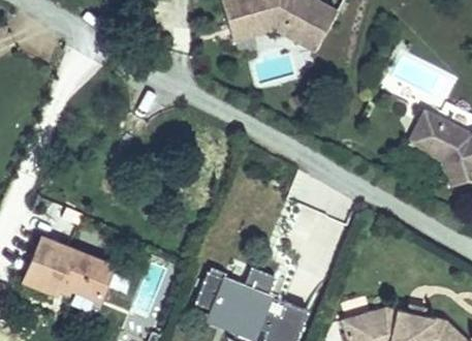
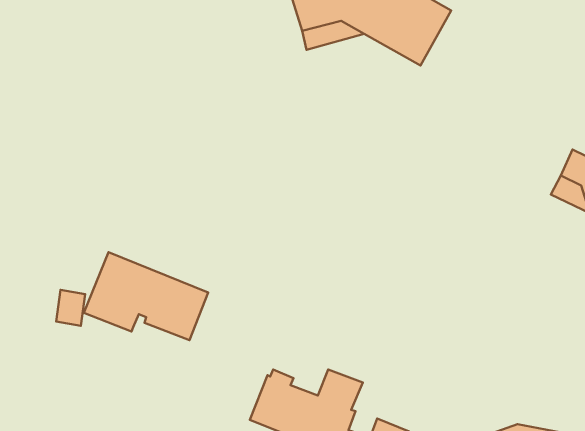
building: [23,238,112,301] -> [84,252,208,340]

